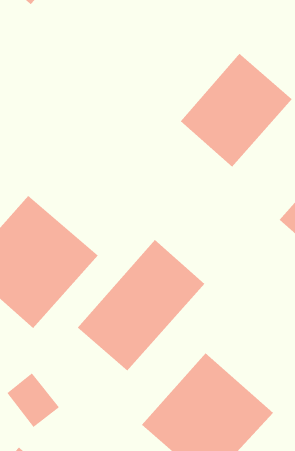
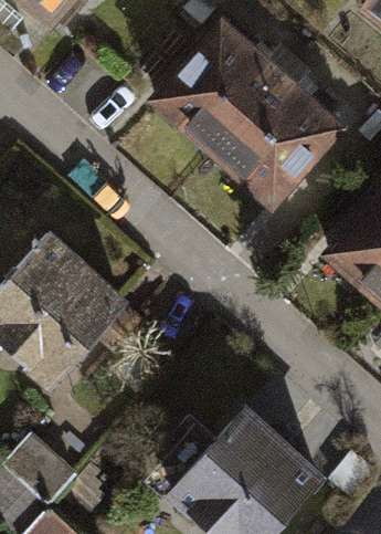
building: none -> [157,23,283,151]
building: [77,239,205,371] -> none

